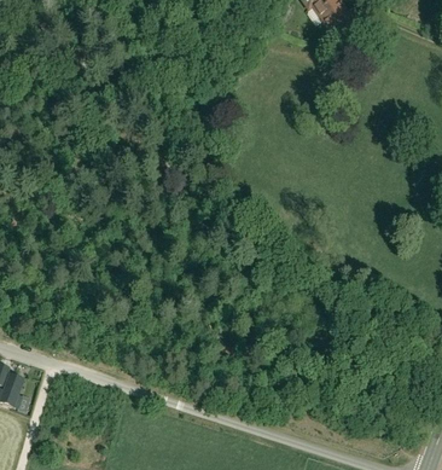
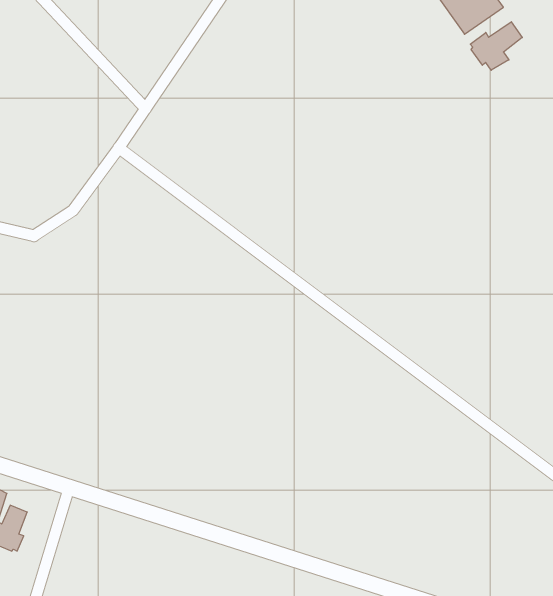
building: none -> [470,22,522,70]

